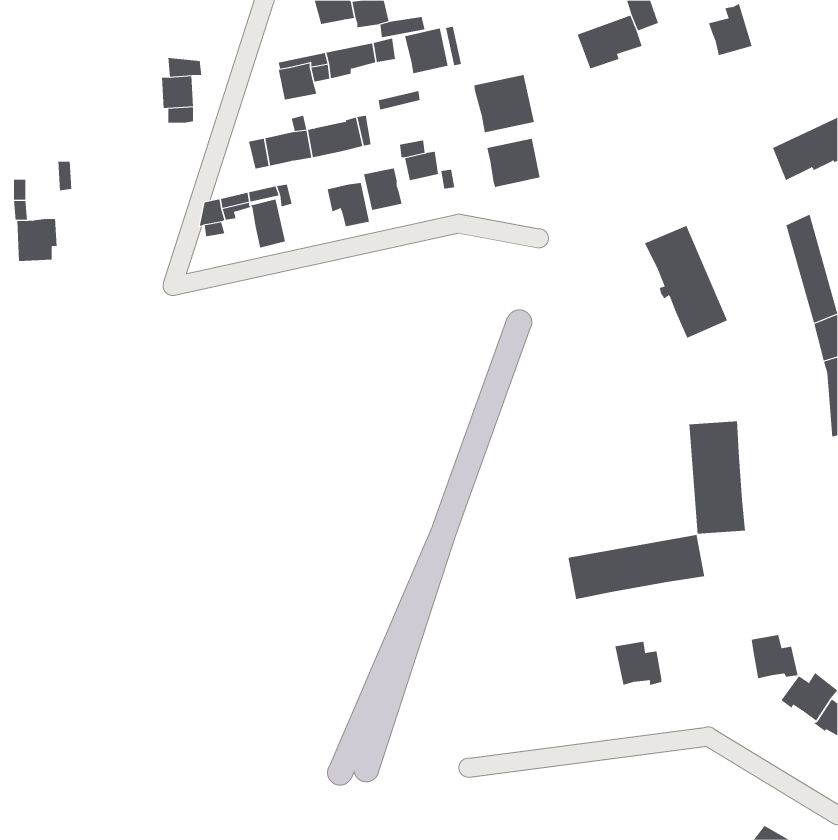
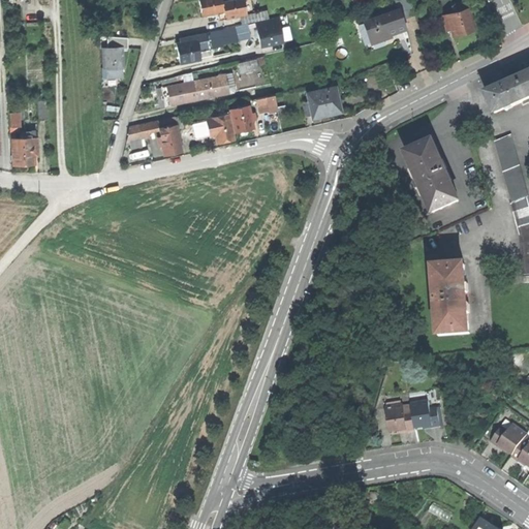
building: [474,74,534,133] -> none
building: [568,534,705,600] -> none
building: [751,635,799,679] -> [412,399,442,427]

